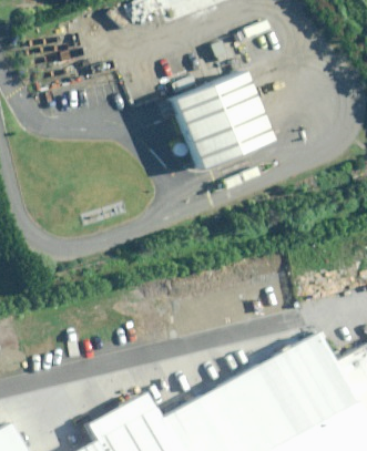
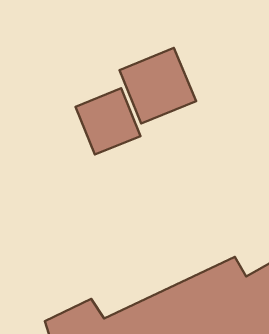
building: none -> [76,88,141,154]

